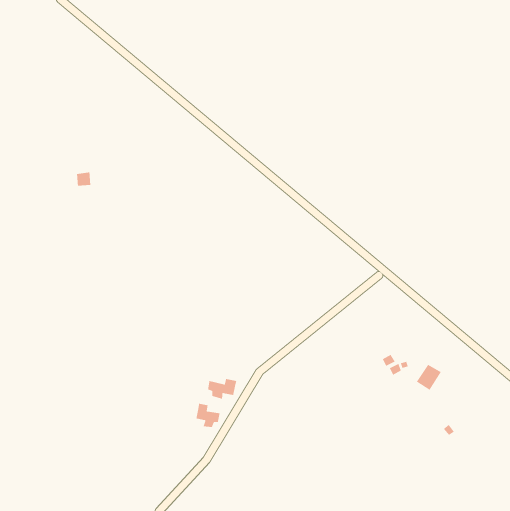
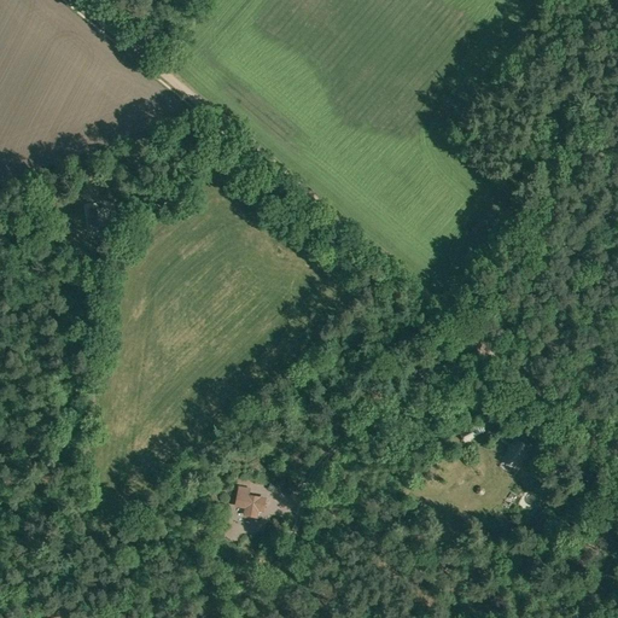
building: [207,378,237,400] -> none

